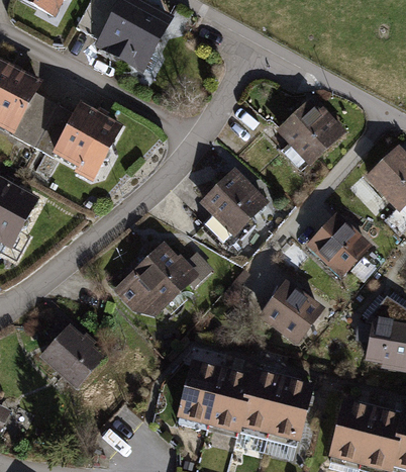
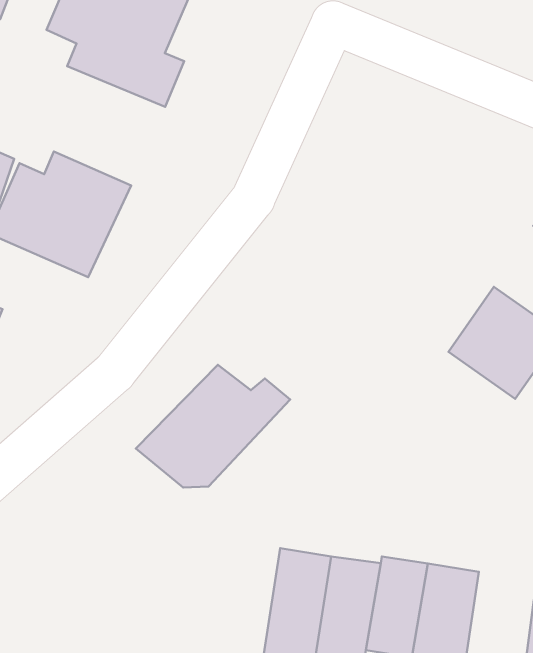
building: [275,99,341,166] -> none
building: [199,167,272,251] -> none
building: [261,277,327,343] -> none
building: [39,322,105,387] -> none

